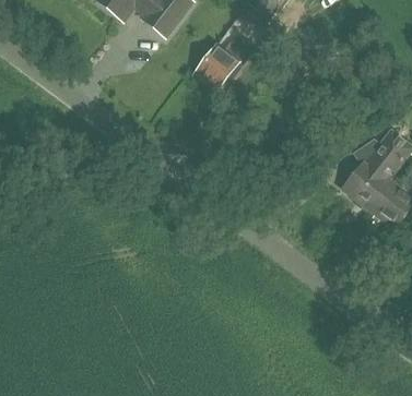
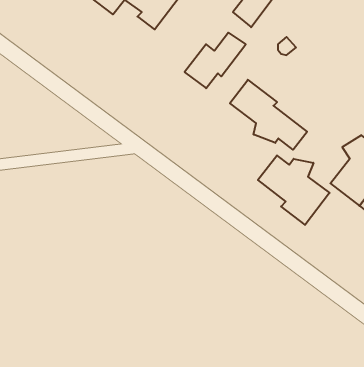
building: none -> [230,80,307,150]
building: none -> [258,155,330,225]

